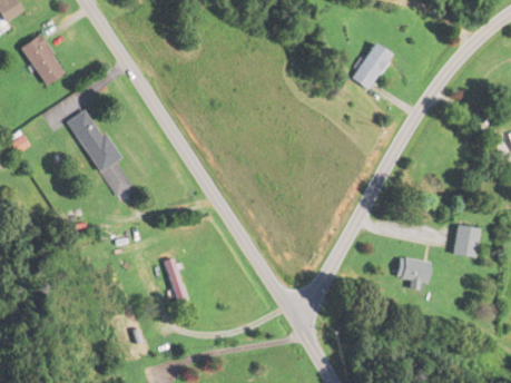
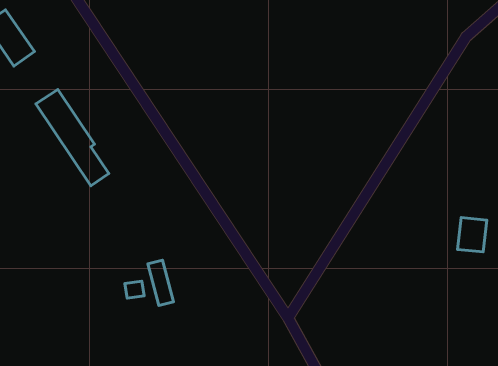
building: [353,42,394,89] -> none
building: [395,254,432,291] -> none

